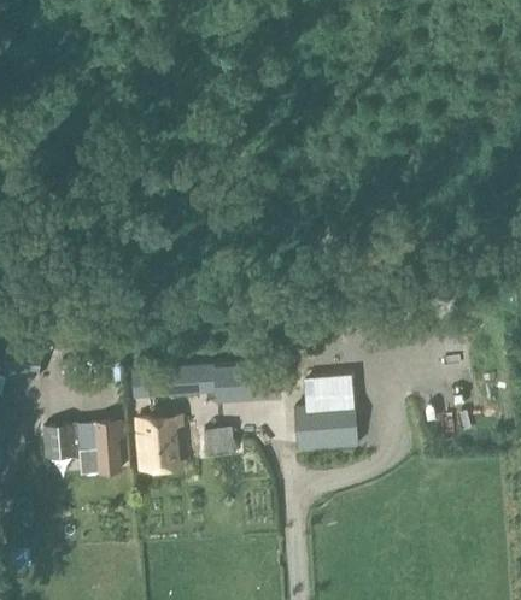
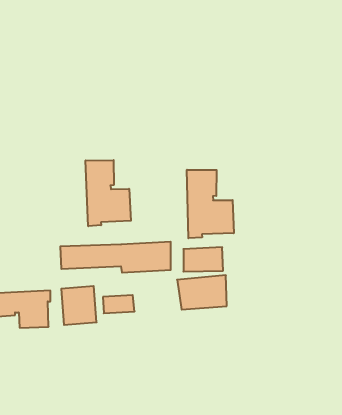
building: none -> [86,160,131,226]
building: none -> [187,170,234,238]

